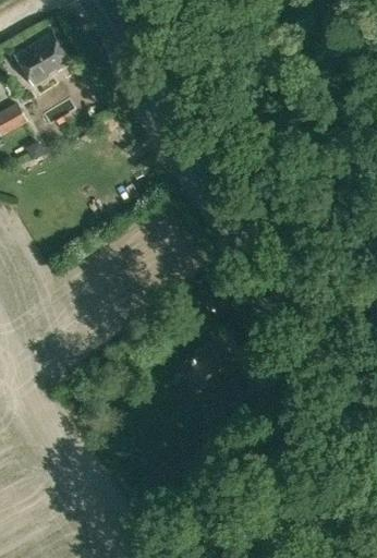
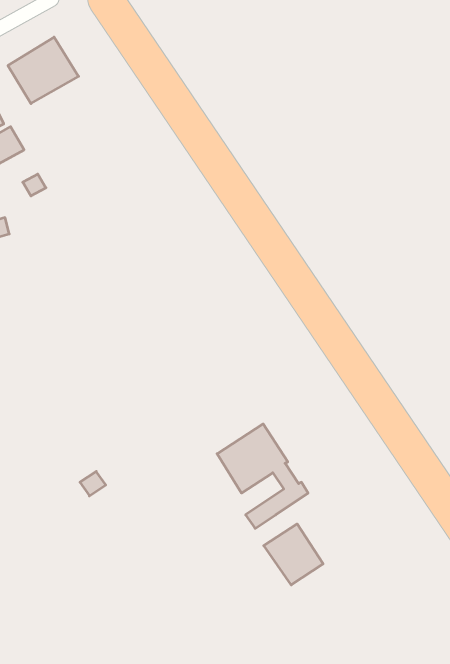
building: none -> [264,524,323,585]

